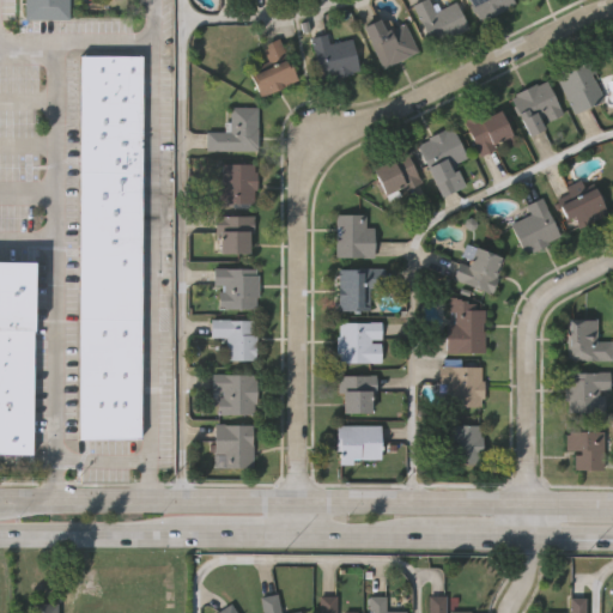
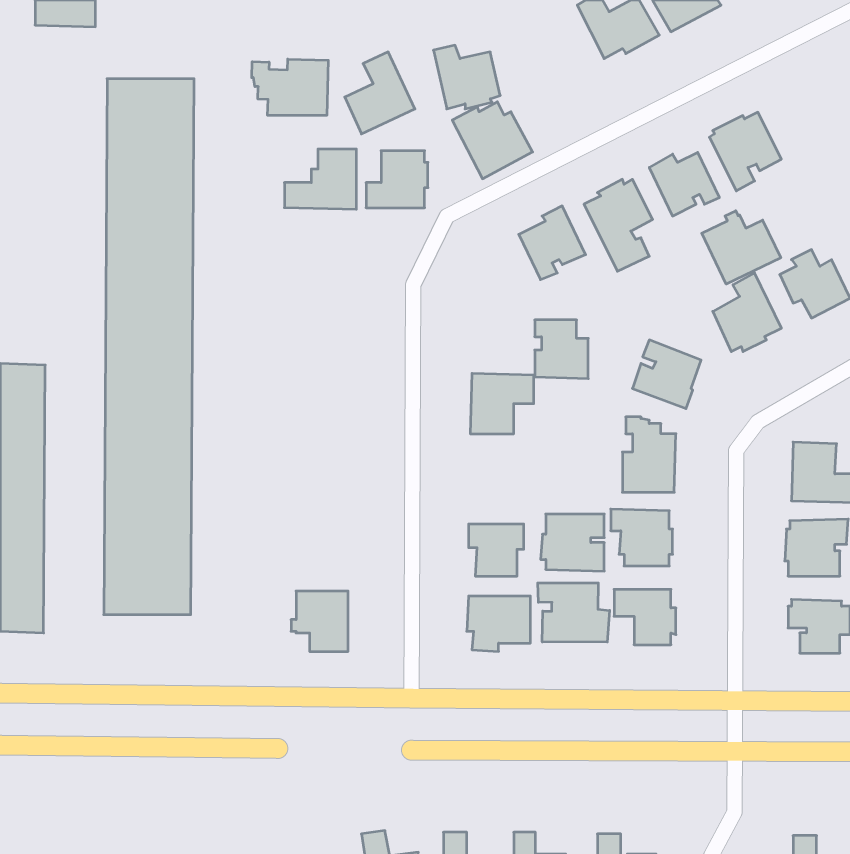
building: [363,14,420,69] -> [452,102,533,179]
building: none -> [252,59,328,115]
building: [556,61,605,116] -> none
building: none -> [702,211,781,284]
building: [214,164,259,205] -> [366,151,428,208]
building: [217,216,255,251] -> none
building: [336,216,375,257] -> [535,320,588,379]
building: [214,267,260,308] -> none
building: [212,321,257,360] -> none
building: [338,323,383,364] -> [541,514,604,571]
building: [213,374,257,414] -> none
building: none -> [538,583,610,642]

